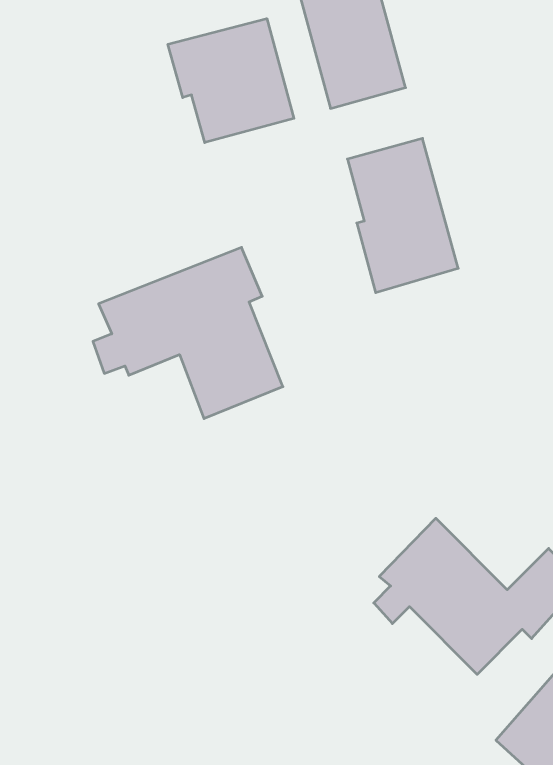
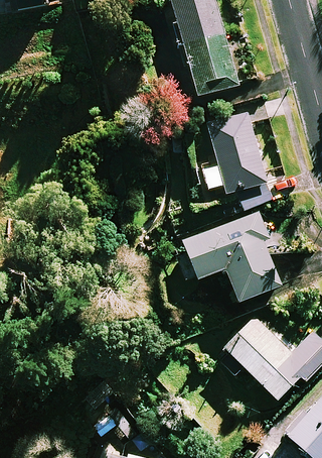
building: [168,19,294,143] -> none
building: [93,247,283,419] -> [179,211,281,303]

